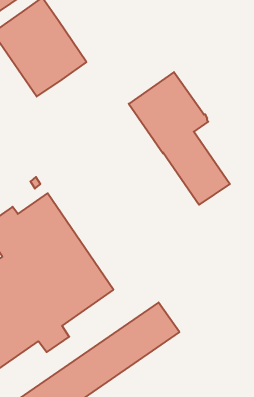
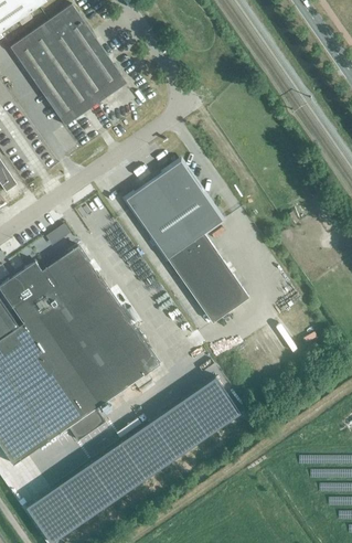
building: [129,72,230,205] -> [124,160,247,322]

